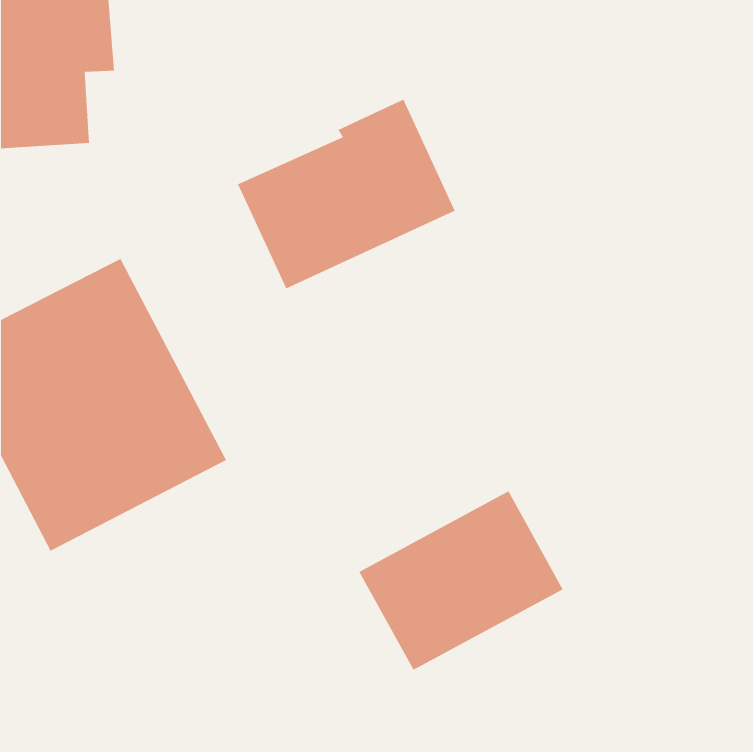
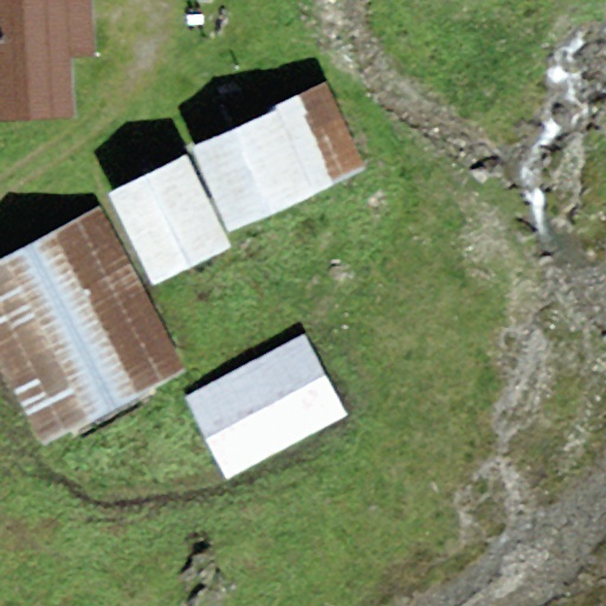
building: none -> [104,154,230,284]
building: [359,491,563,671] -> [181,334,346,478]

